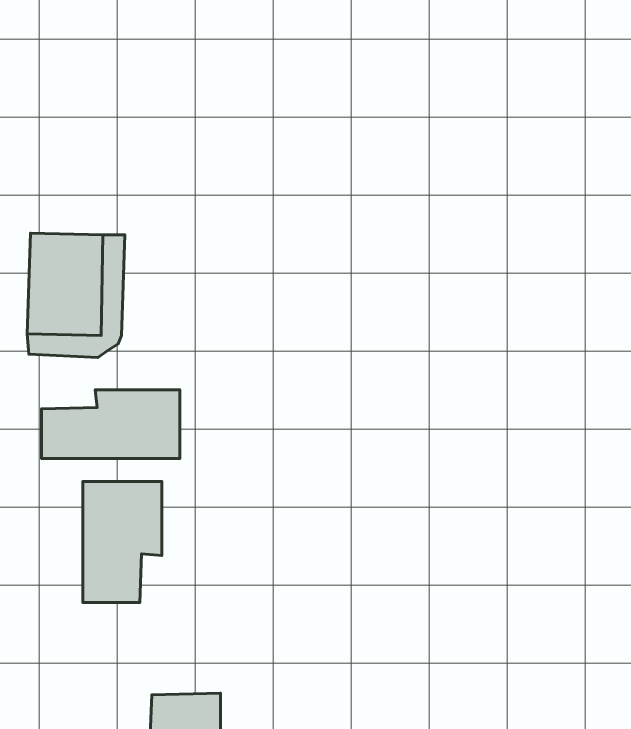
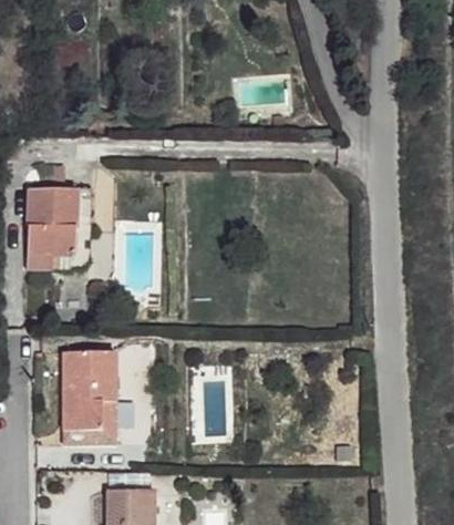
building: [42,390,180,459] -> none
building: none -> [62,399,114,442]

